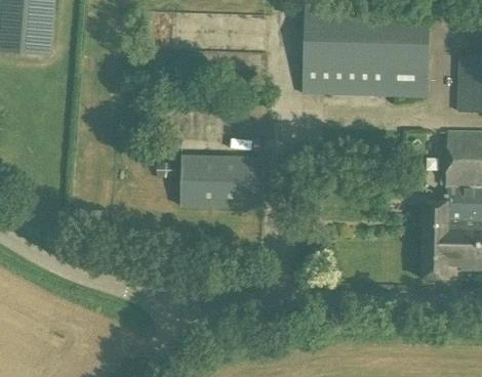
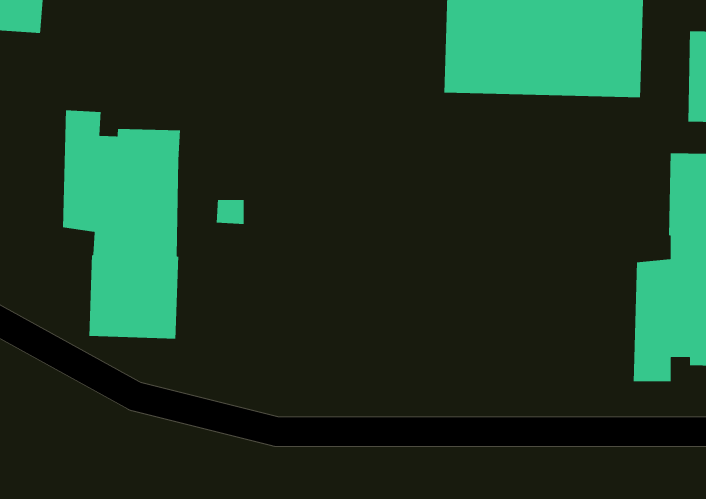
building: none -> [62,110,181,339]
building: [180,155,264,210] -> none

